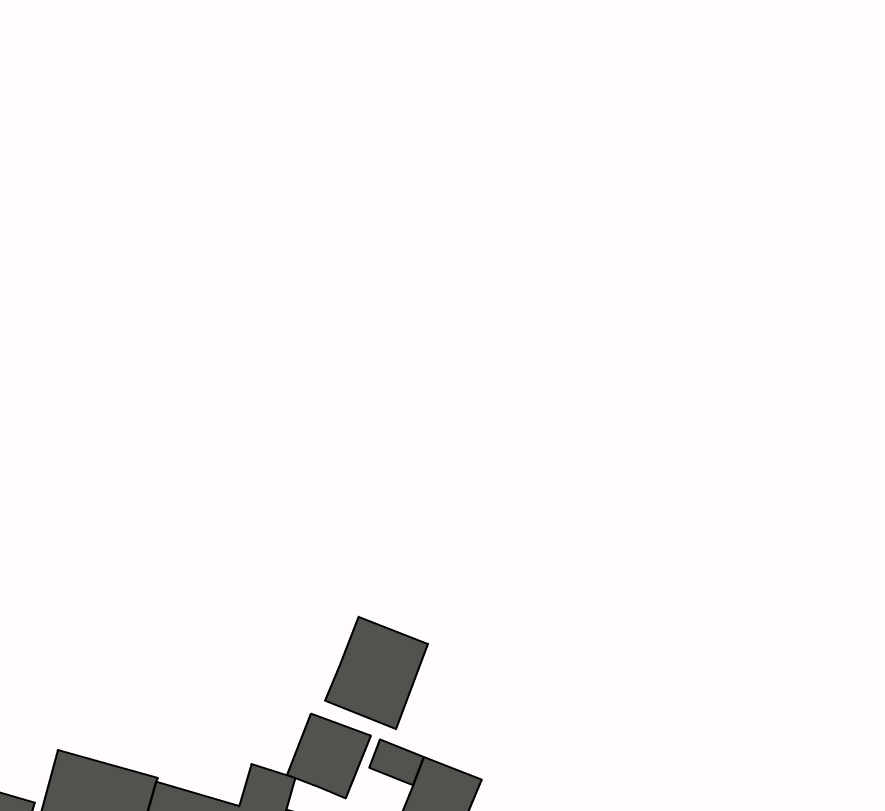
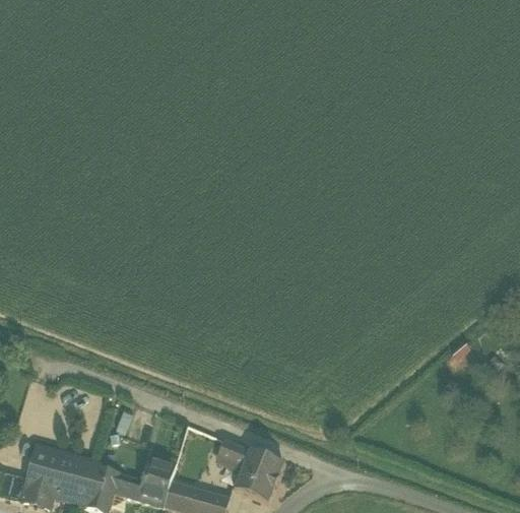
building: [325,617,428,729] -> none
building: [287,714,371,798] -> none

